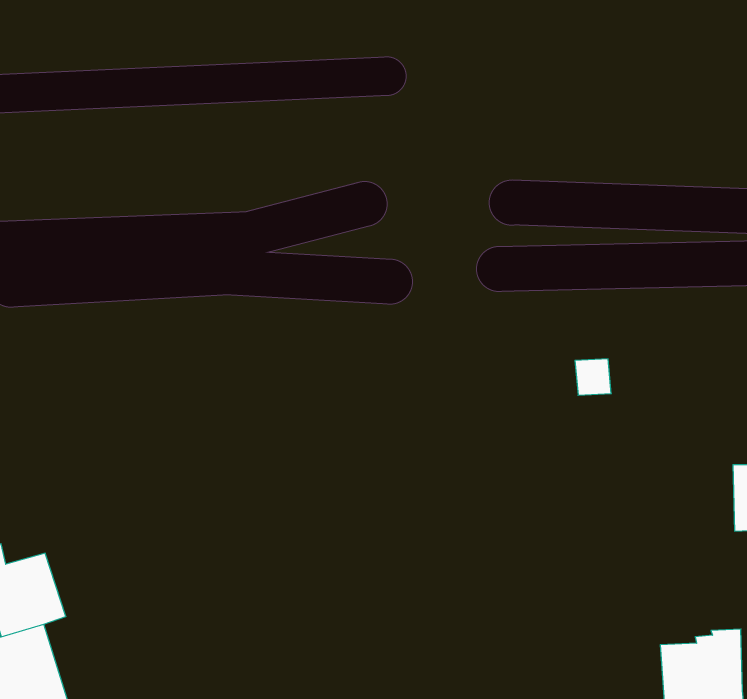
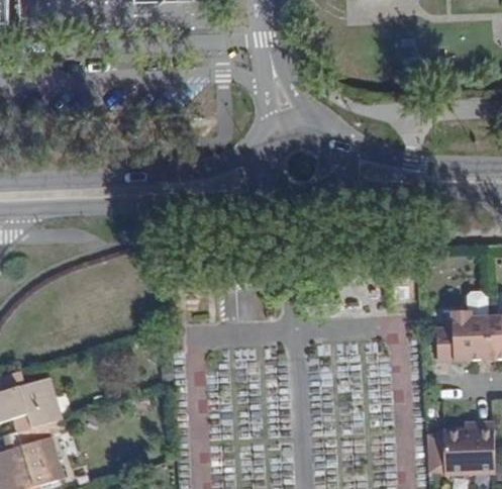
building: none -> [435,294,489,364]

